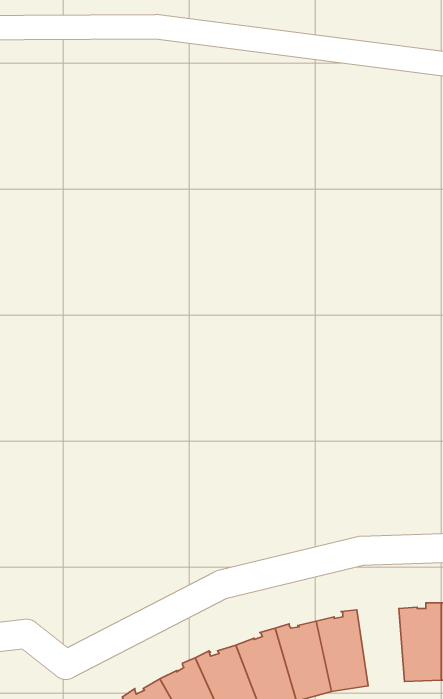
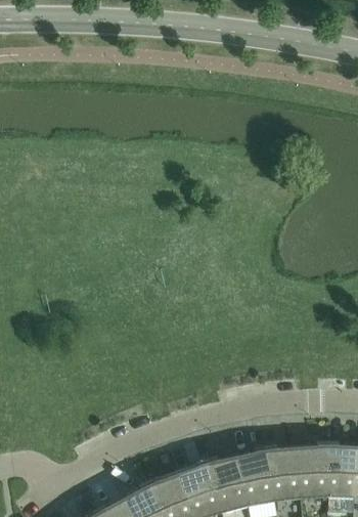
building: none -> [267,446,302,504]

